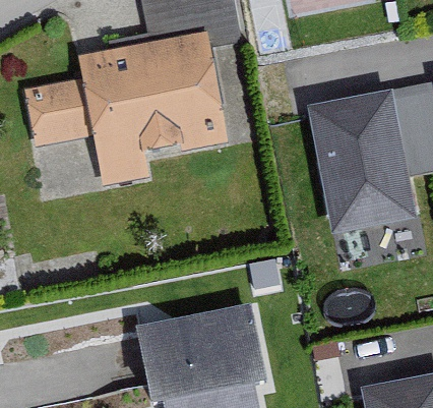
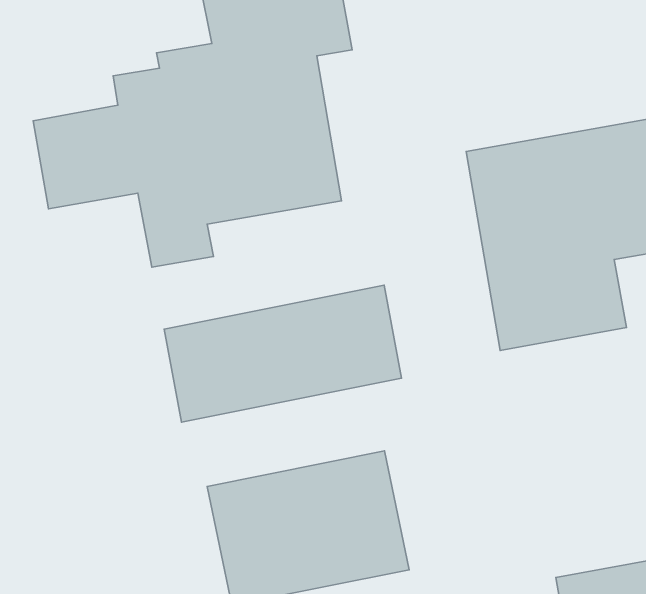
building: none -> [164,285,401,422]

